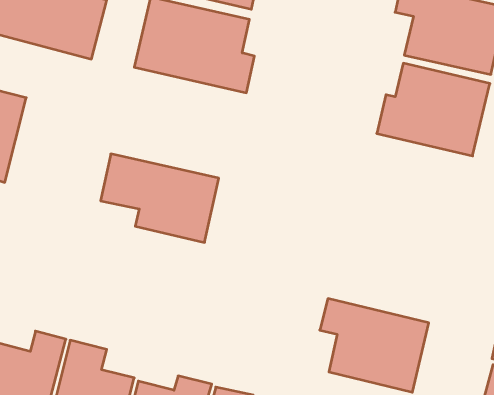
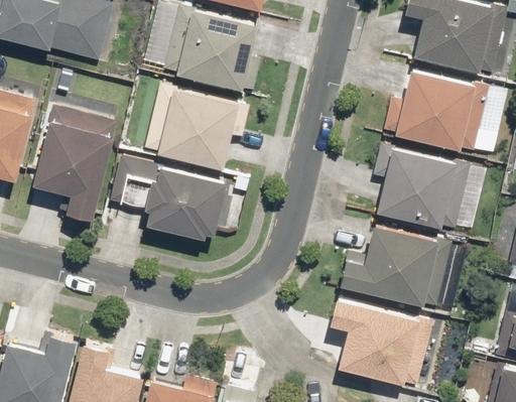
building: none -> [144,84,250,170]
building: none -> [30,104,118,221]
building: none -> [374,143,475,235]
building: none -> [337,221,456,310]

